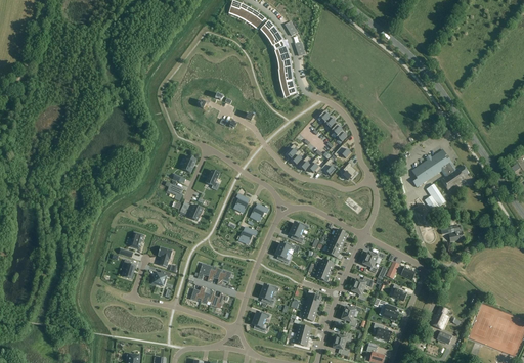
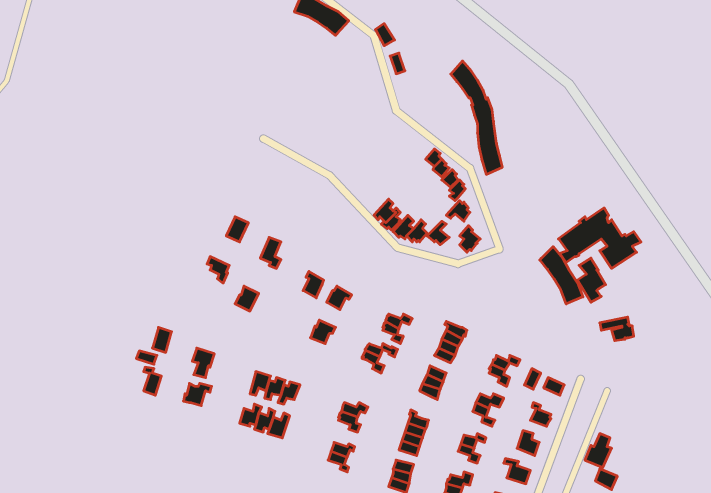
building: [260,18,296,97] -> [451,61,502,174]
building: none -> [540,247,583,304]

